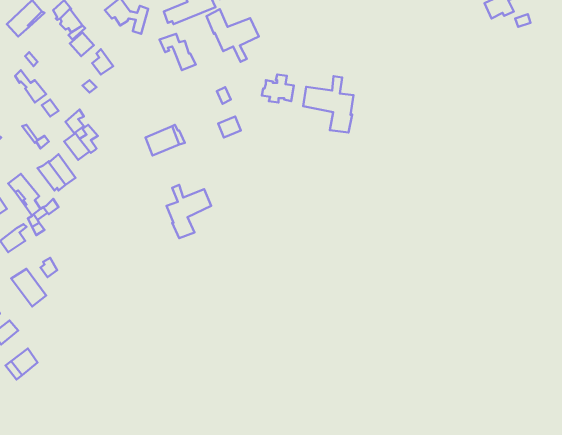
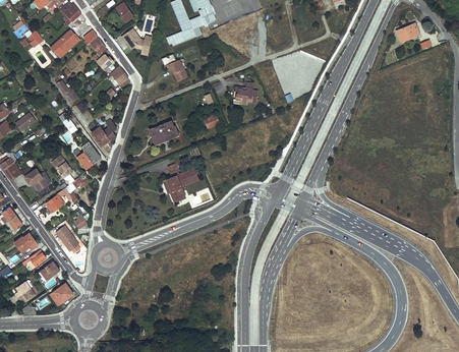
building: [207,9,259,62] -> none
building: [303,76,354,132] -> none

